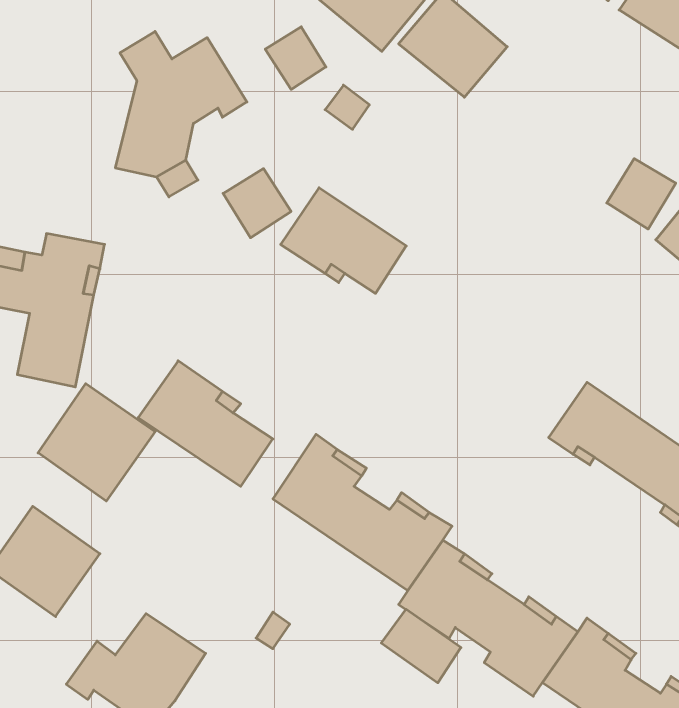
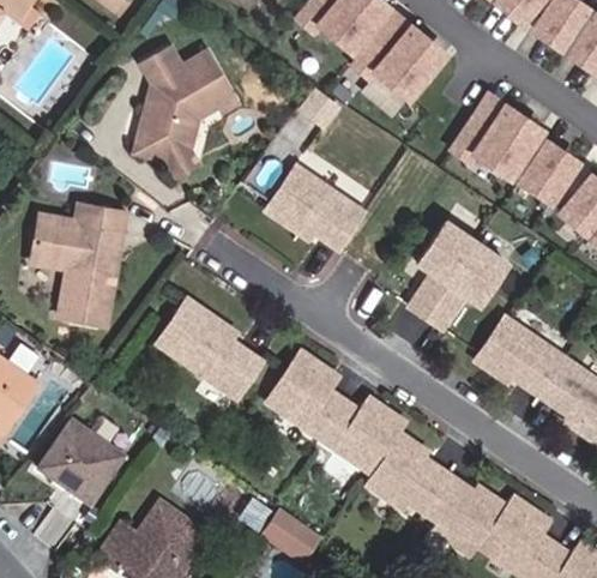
building: [265,27,326,89] -> none
building: none -> [451,94,542,183]
building: [223,169,291,238] -> none
building: none -> [410,222,508,329]
building: [38,384,155,501] -> none
building: [381,609,461,683] -> [261,504,324,561]

